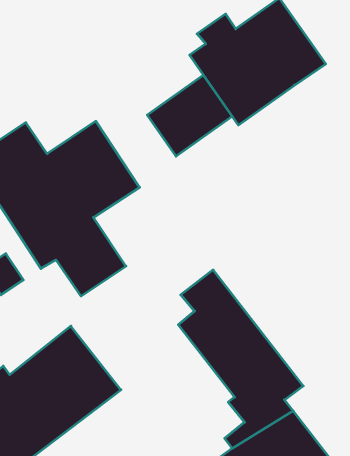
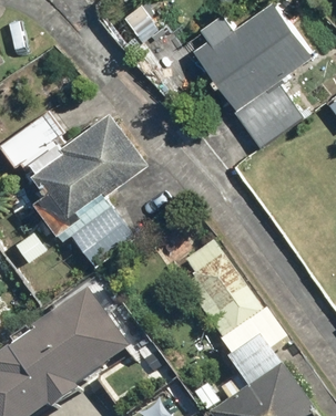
building: [147,75,232,156] -> [235,79,310,150]

